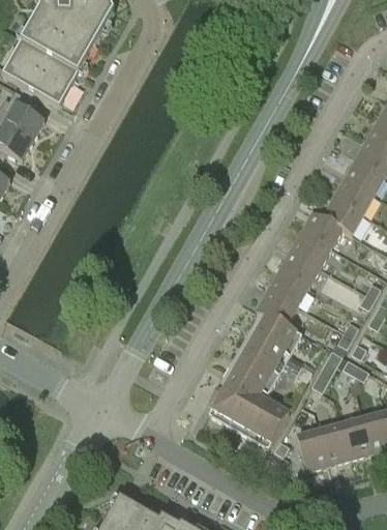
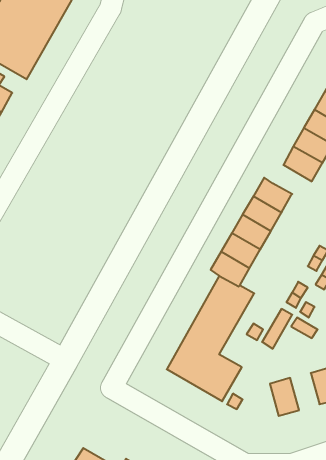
building: [322,197,363,235] -> none
building: [340,418,371,458] -> none
building: [297,430,328,470] -> none

